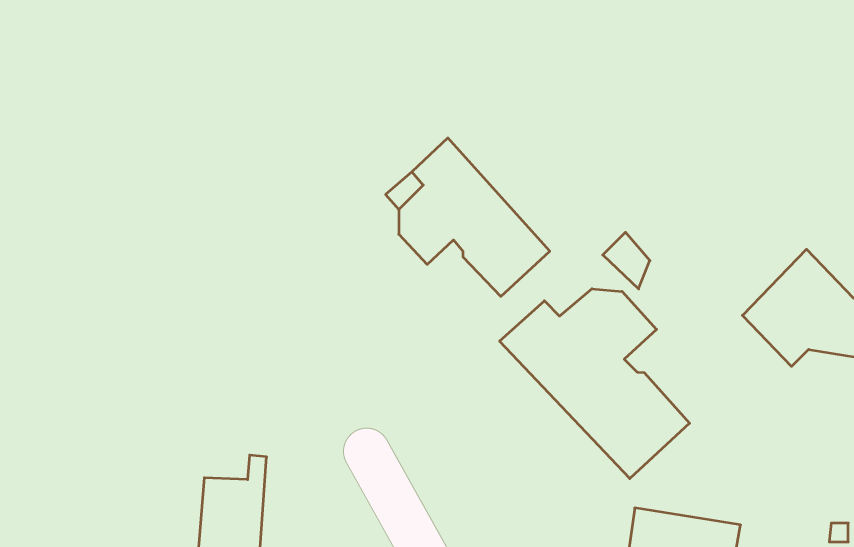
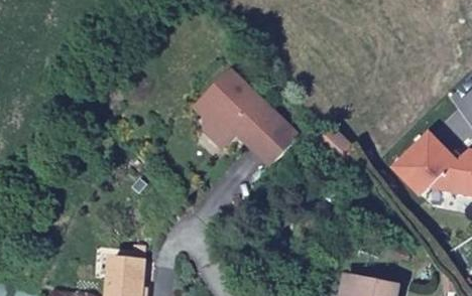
building: [500,289,690,479] -> none

